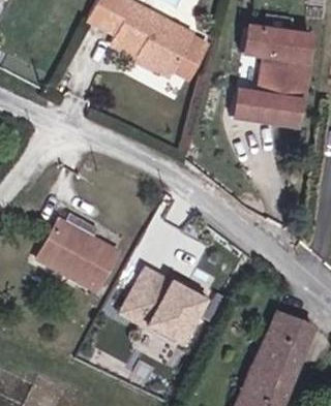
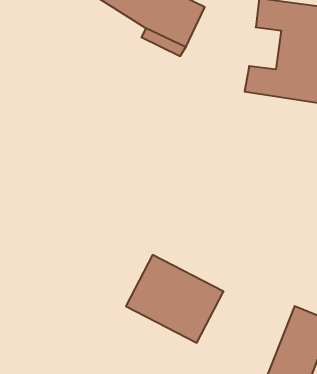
building: [47,218,126,295] -> none

